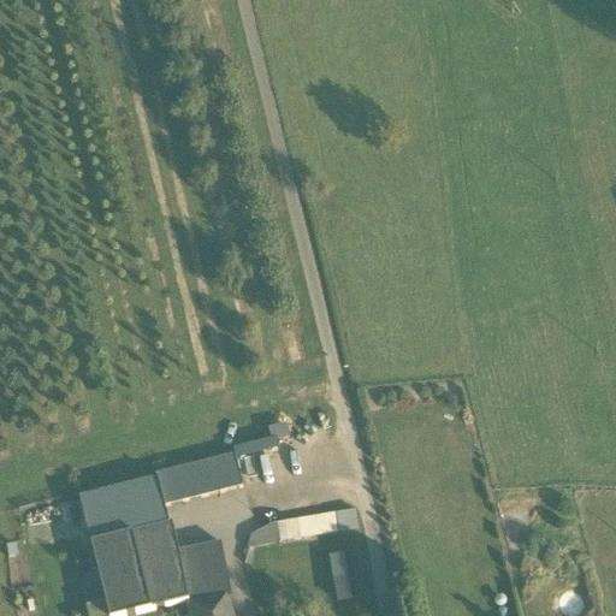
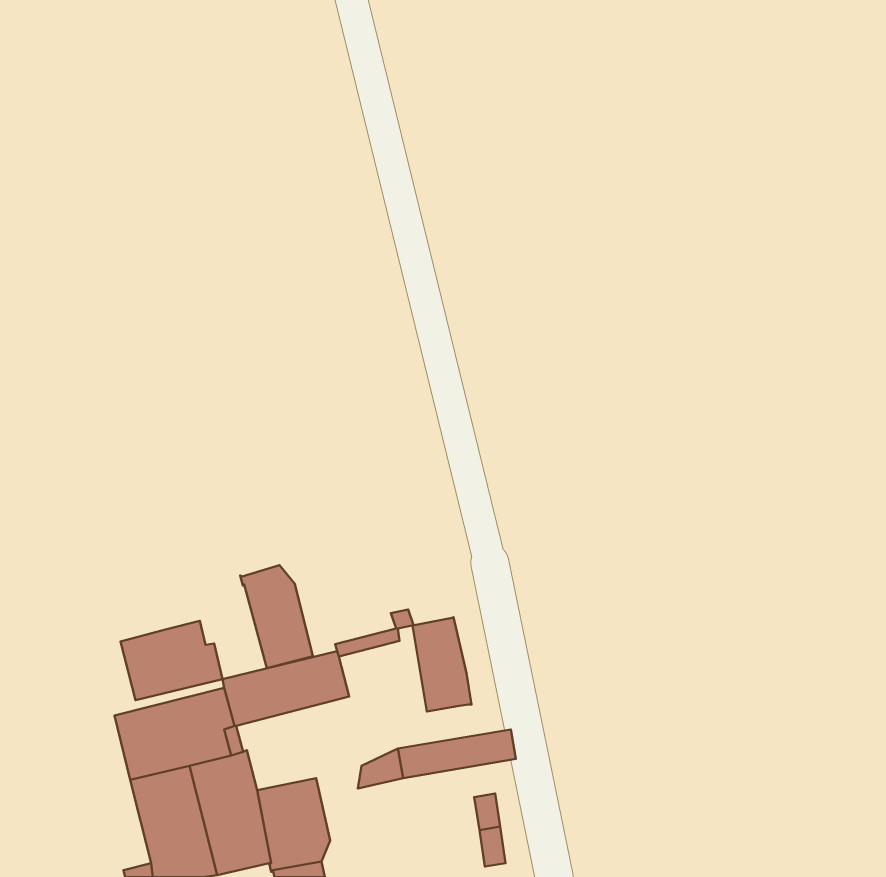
building: none -> [240,565,313,668]
building: none -> [412,617,472,711]
building: none -> [121,621,222,700]

